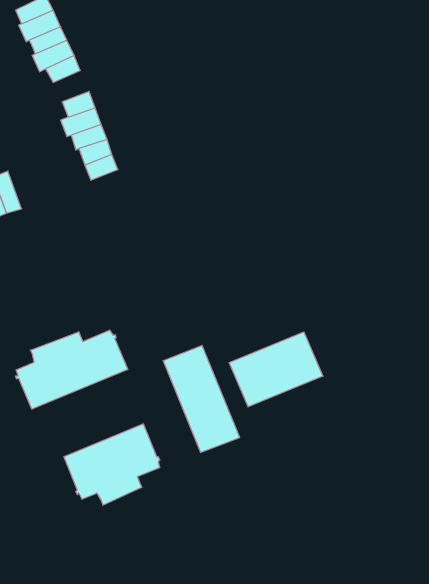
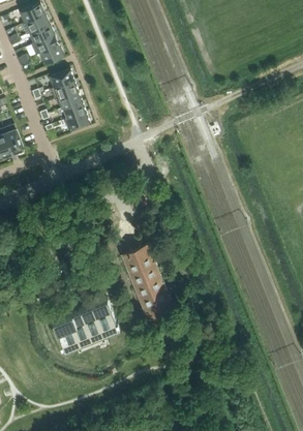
building: [16,330,128,409] -> none
building: [229,332,323,407] -> none

